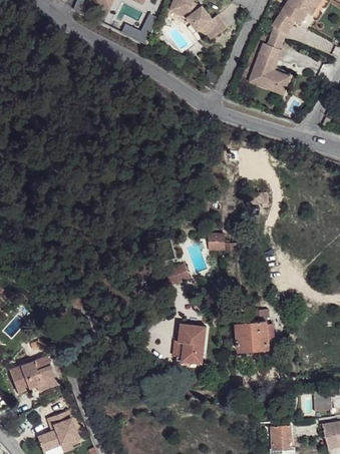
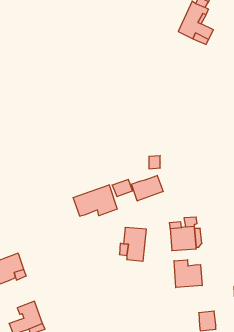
building: none -> [131,175,163,201]
building: none -> [73,185,117,216]
building: none -> [174,260,202,288]

